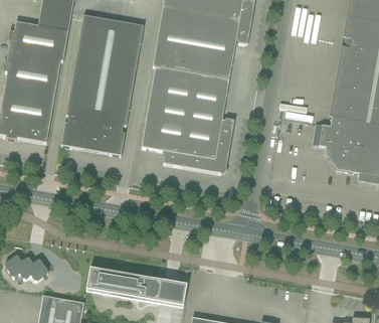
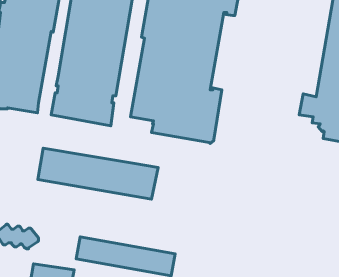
building: none -> [38,148,158,199]

